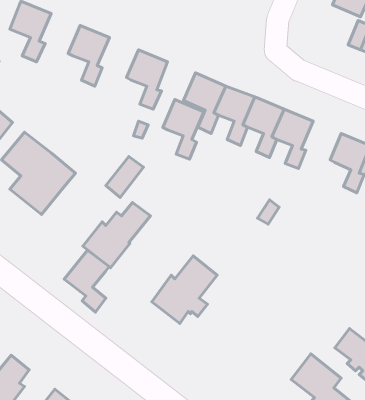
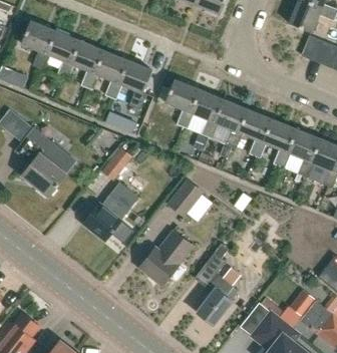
building: none -> [45,29,79,79]
building: [163,100,204,159] -> [93,49,127,98]
building: none -> [262,118,295,167]
building: none -> [165,179,203,218]
building: [64,250,109,312] -> none
building: none -> [194,243,233,325]

